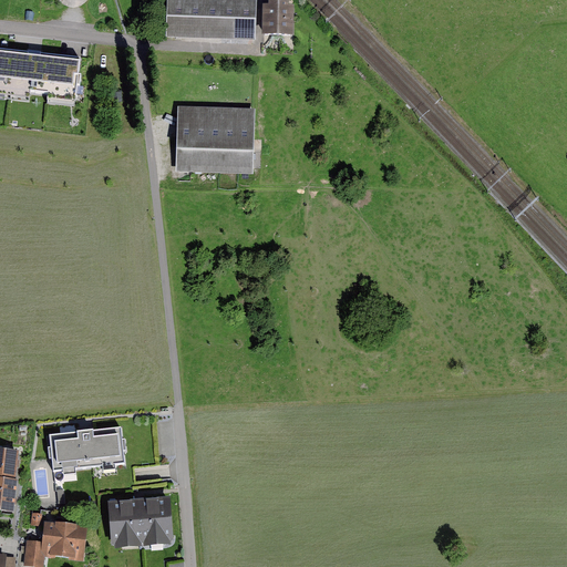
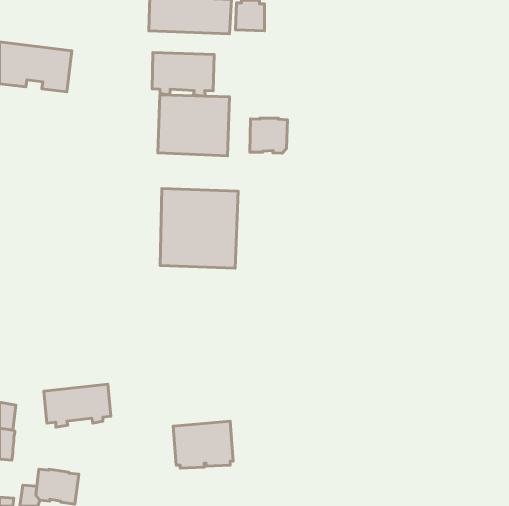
building: none -> [152,52,214,96]
building: none -> [250,118,288,153]
building: none -> [160,189,238,268]
building: [106,495,173,547] -> [173,421,233,468]

